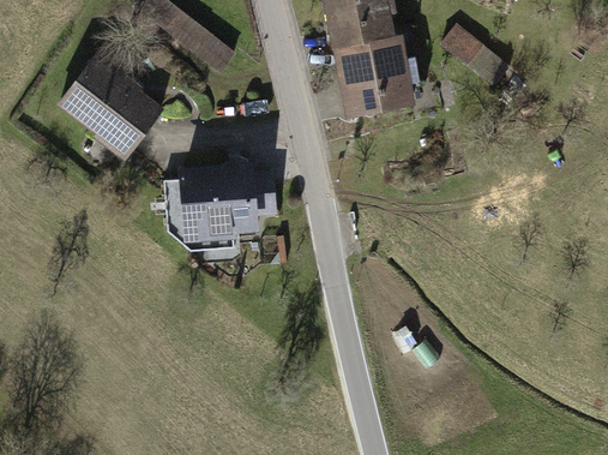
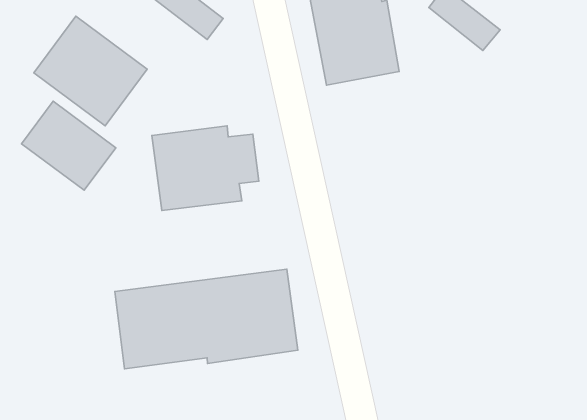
building: none -> [22,101,116,190]
building: none -> [115,269,298,369]

